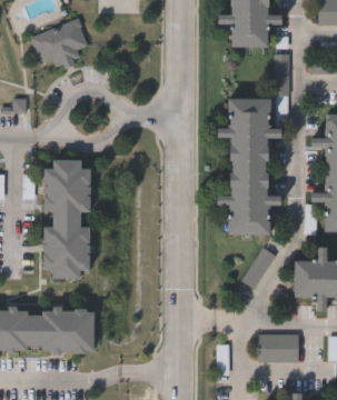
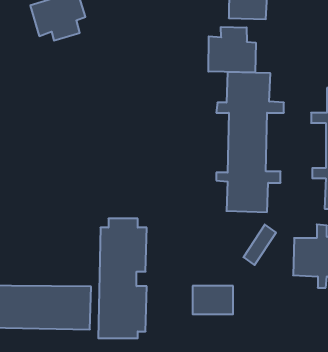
building: none -> [208,27,256,73]
building: [42,160,90,278] -> [98,219,147,338]
building: [259,334,299,362] -> [193,286,233,314]

